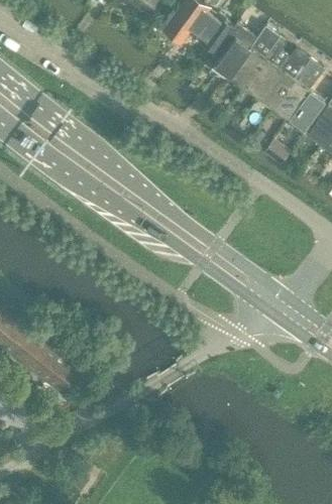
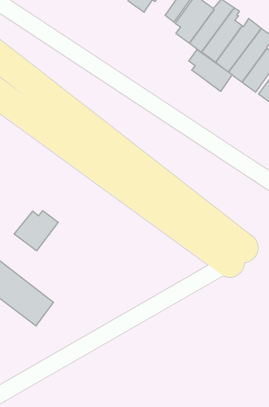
building: none -> [189,49,232,91]
building: none -> [14,211,58,251]

